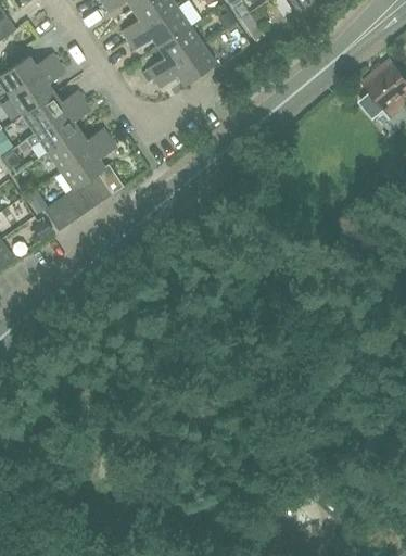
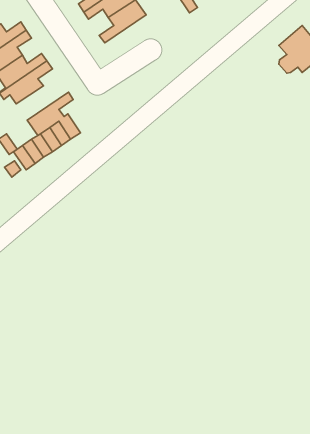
building: [153,45,215,88] -> none
building: [47,128,110,172] -> none

